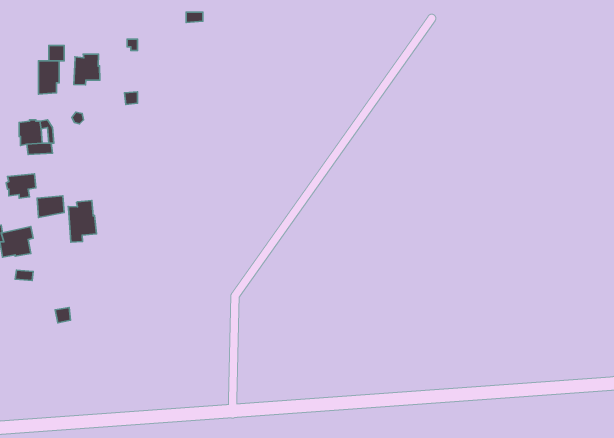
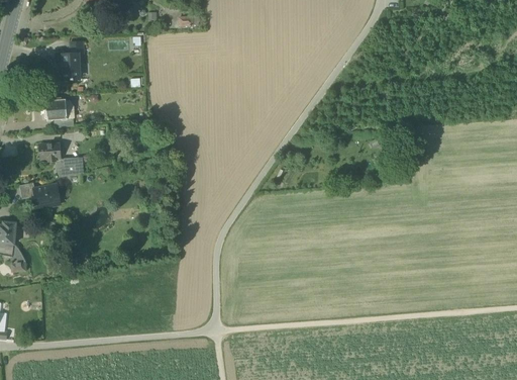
building: [74,54,100,85] -> none
building: [68,201,96,242] -> none

